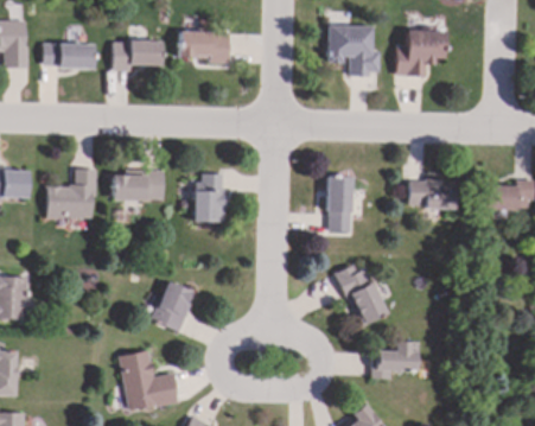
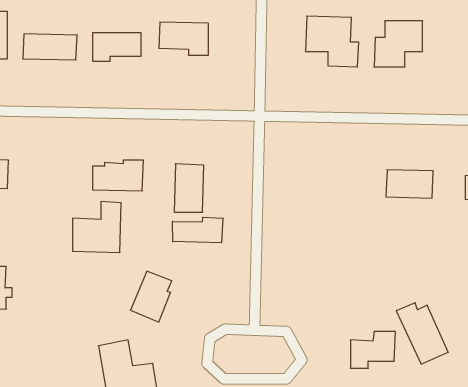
building: [46,169,95,220] -> [73,202,121,252]
building: [326,176,351,233] -> none
building: none -> [173,217,223,243]
building: [335,265,387,326] -> [396,303,448,364]

